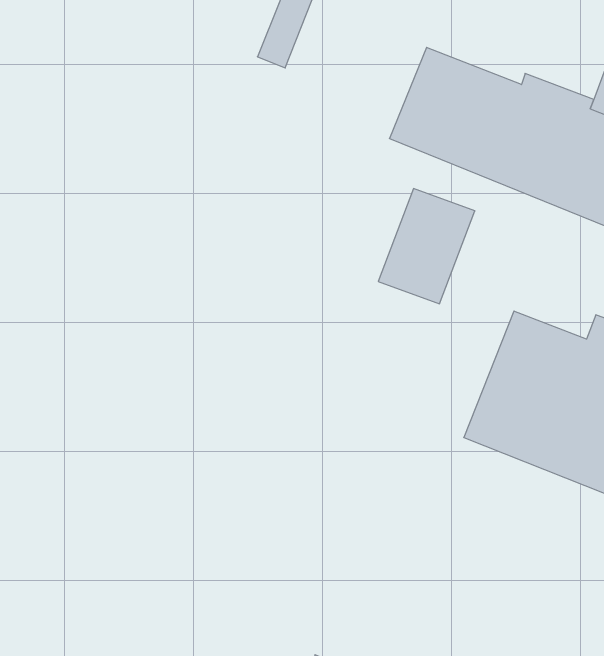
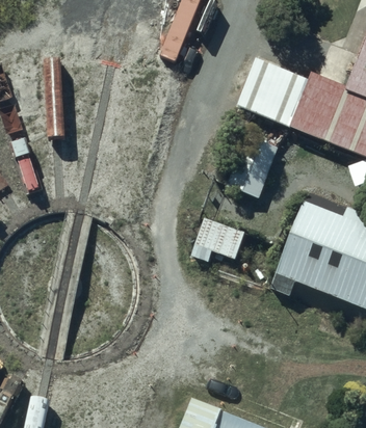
building: none -> [190,217,246,261]

